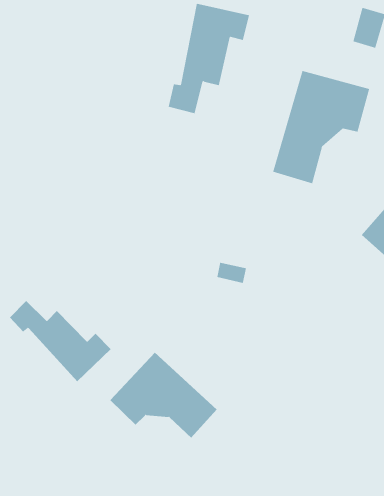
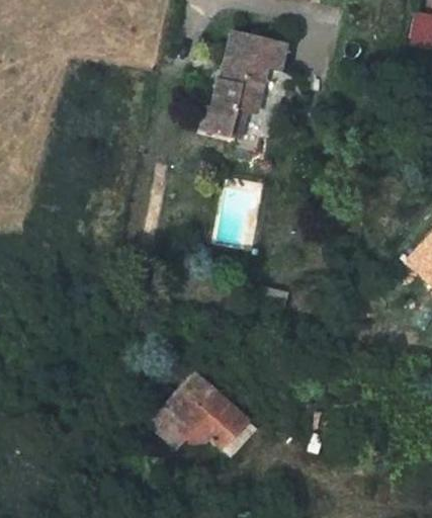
building: [273,70,370,184] -> none
building: [9,300,111,382] -> none

